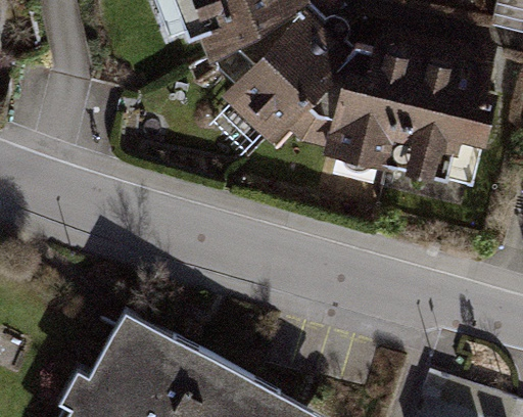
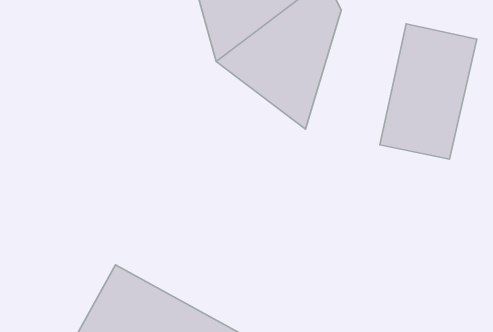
building: [323,37,429,179] -> none

